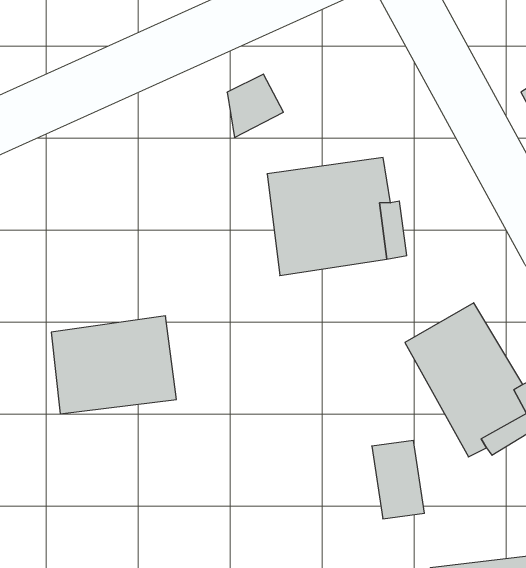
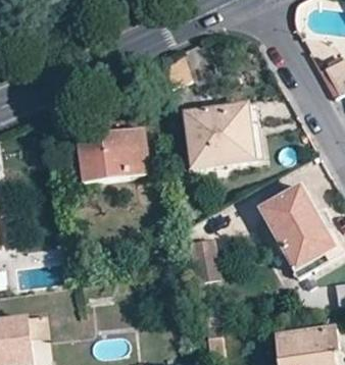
building: [51,316,176,414] -> [78,125,148,180]
building: [372,441,424,519] -> [189,240,218,283]

